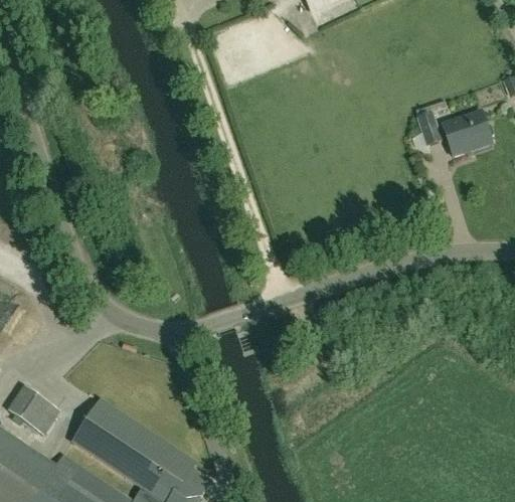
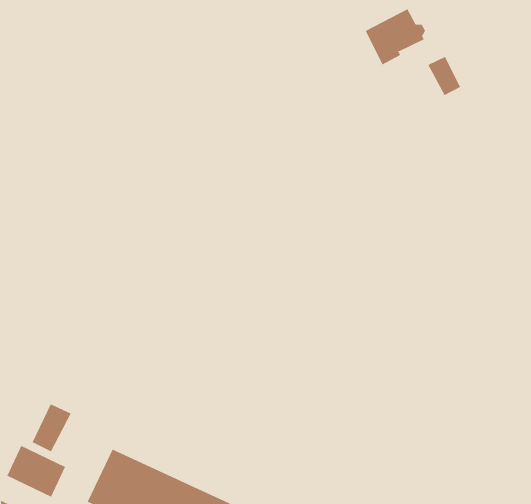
building: [444,112,495,156] -> [365,9,426,65]
building: none -> [32,404,71,452]

